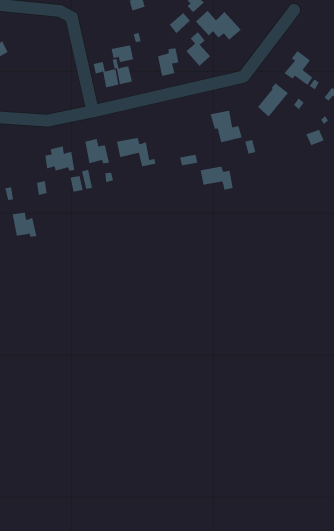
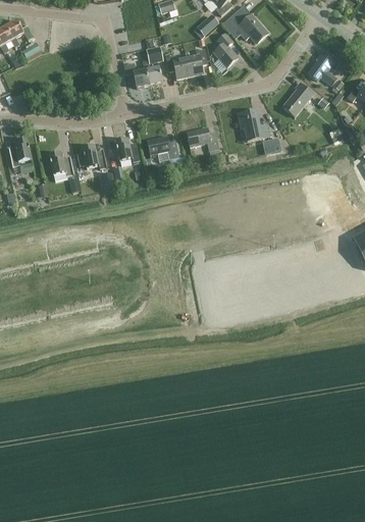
building: none -> [165,54,190,77]
building: [200,166,233,190] -> [186,126,218,150]
building: [12,212,37,237] -> [49,150,73,174]

